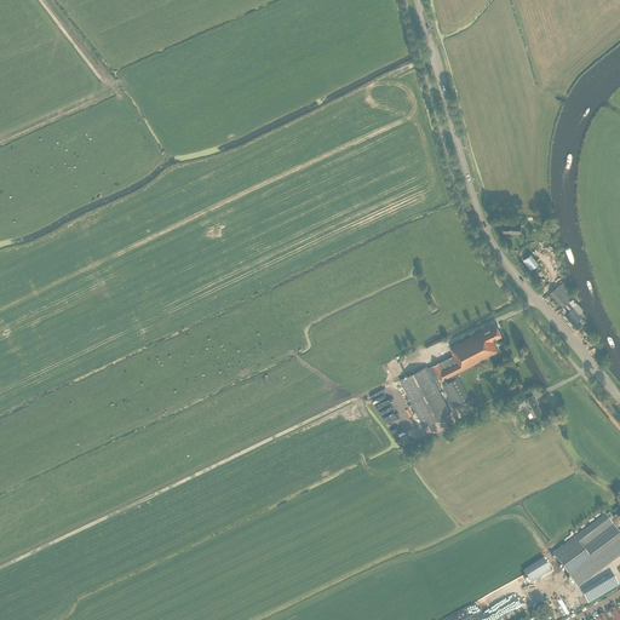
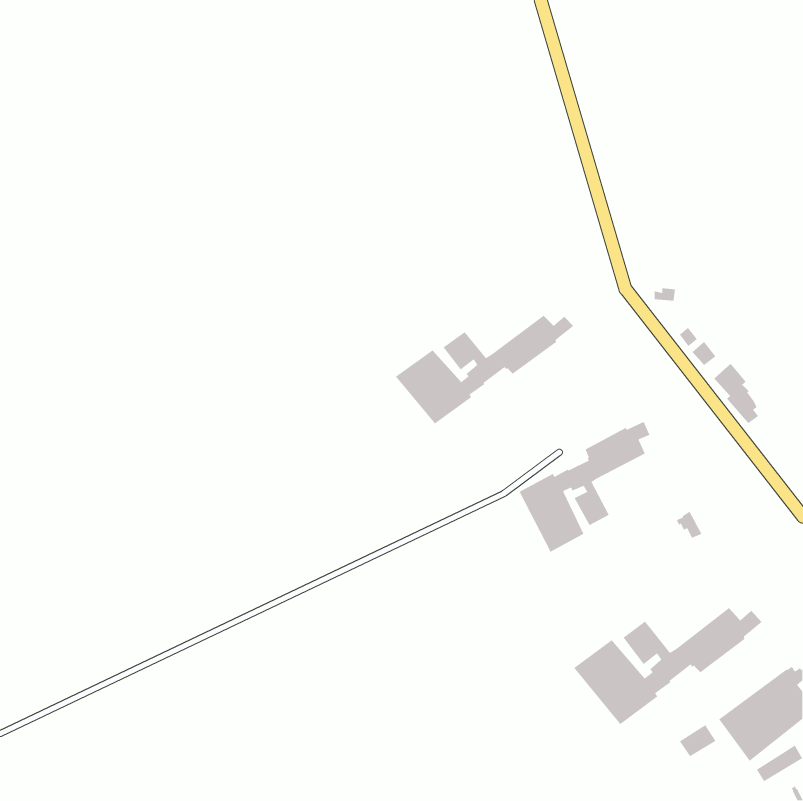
building: none -> [395,315,574,424]
building: none -> [573,607,762,725]

